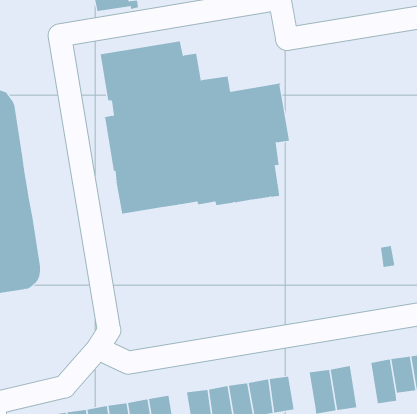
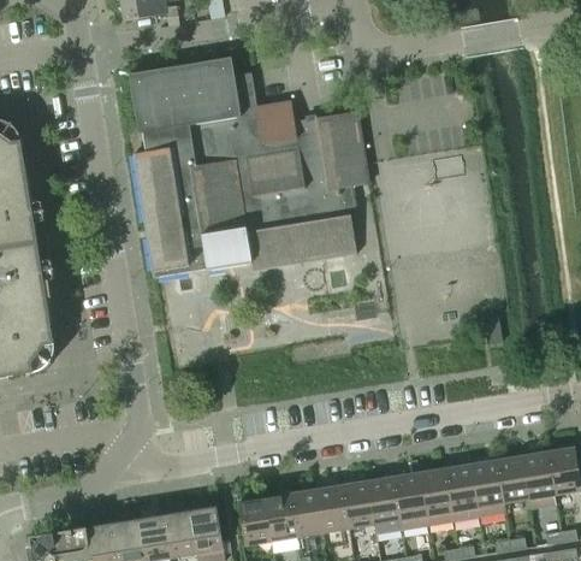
building: none -> [445,465,479,521]
building: none -> [367,477,399,524]

